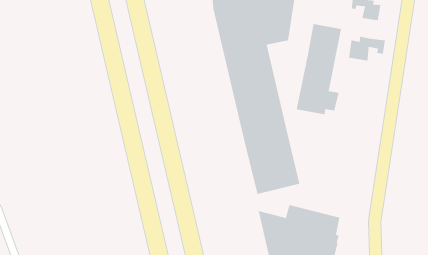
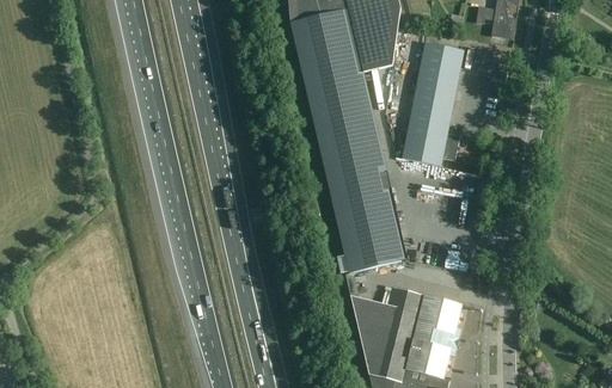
building: [348,36,386,61] -> none

